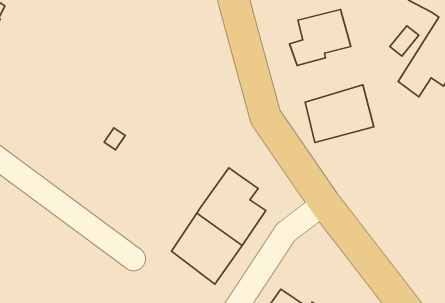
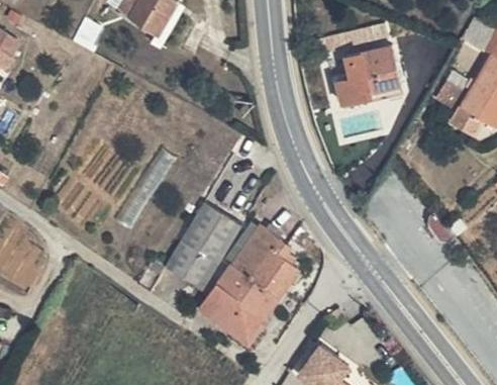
building: [305,85,374,142] -> none
building: none -> [167,197,243,287]

